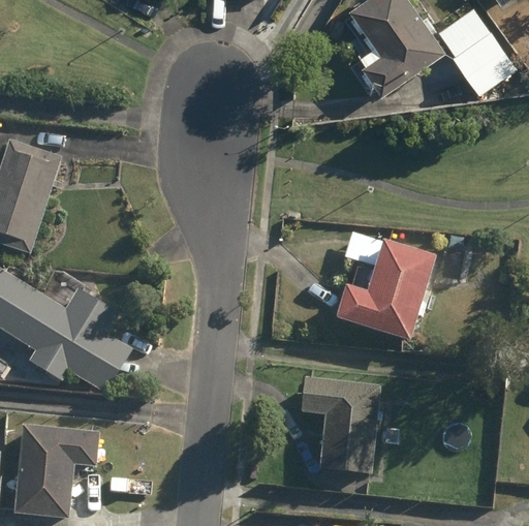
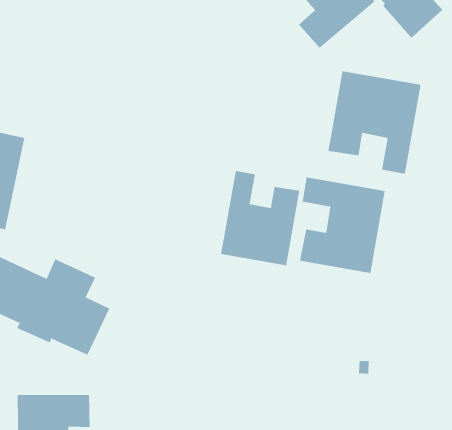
building: none -> [328,70,421,174]
building: none -> [221,170,300,266]
building: [303,382,380,476] -> none

